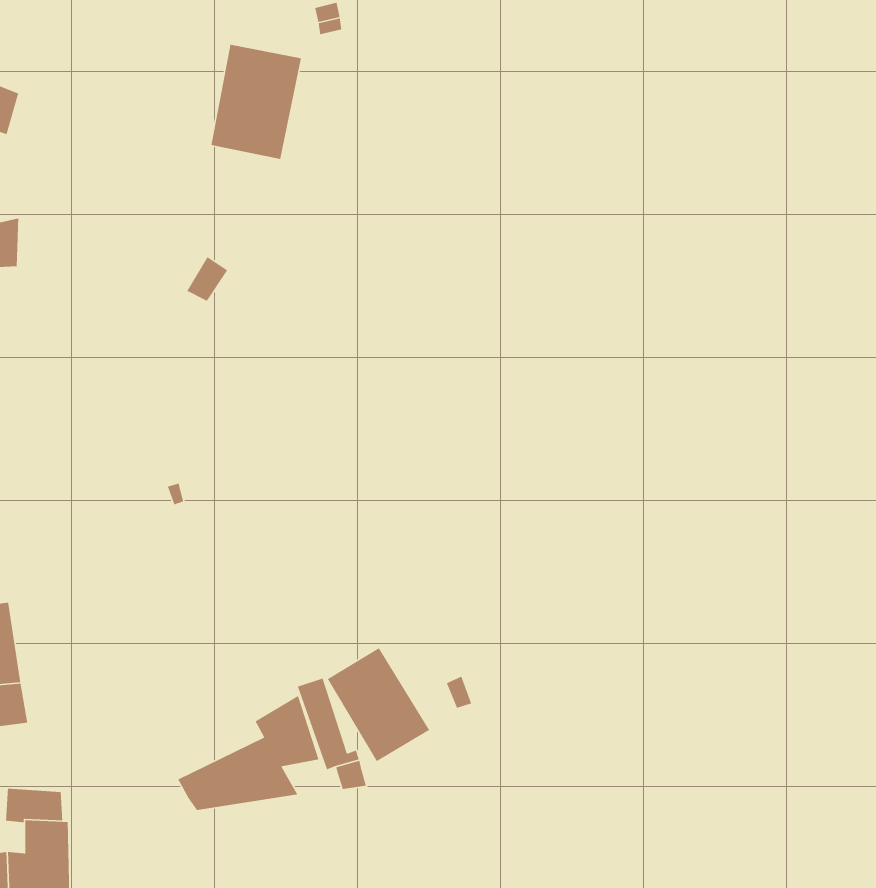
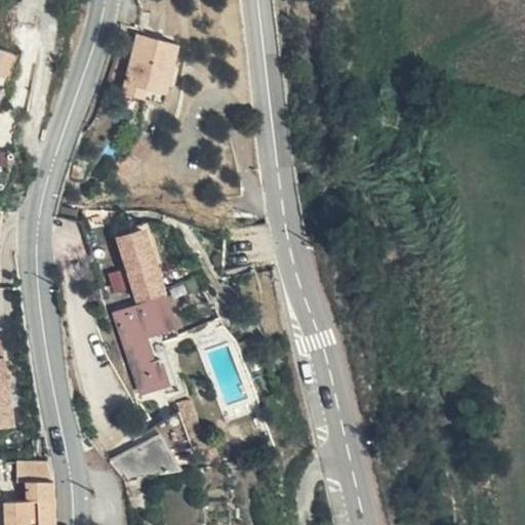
building: none -> [114,225,176,395]
building: [327,647,430,762] -> none

